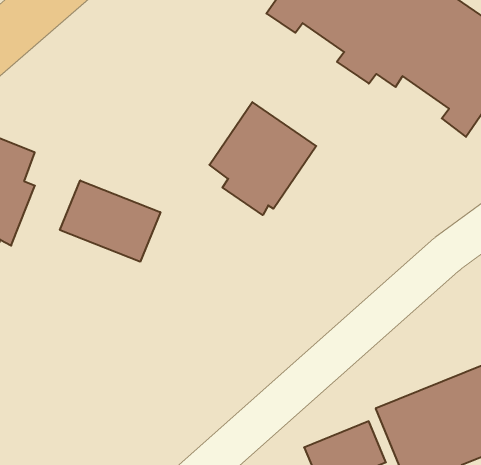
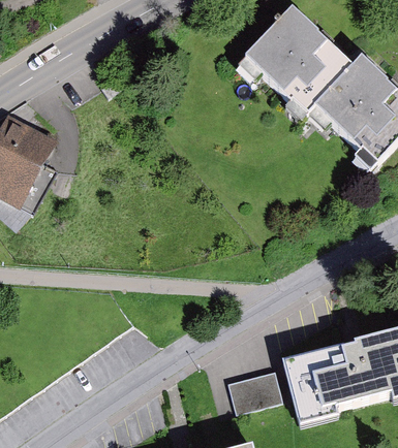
building: [209,102,316,215] -> none
building: [60,180,160,262] -> none

